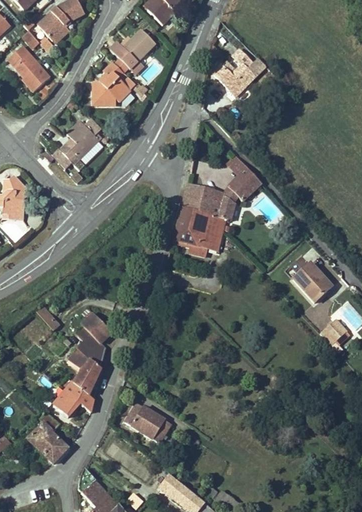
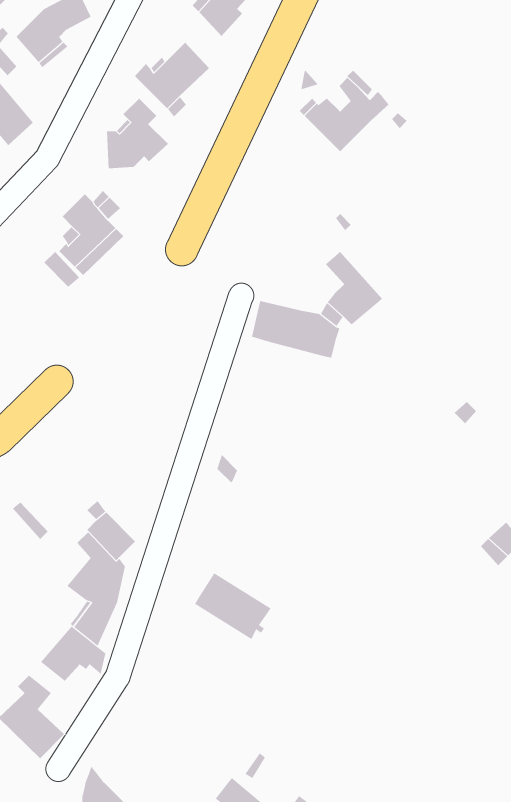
building: [173,207,225,251] -> none
building: [292,264,332,303] -> none
building: [124,402,171,443] -> [194,572,271,640]

